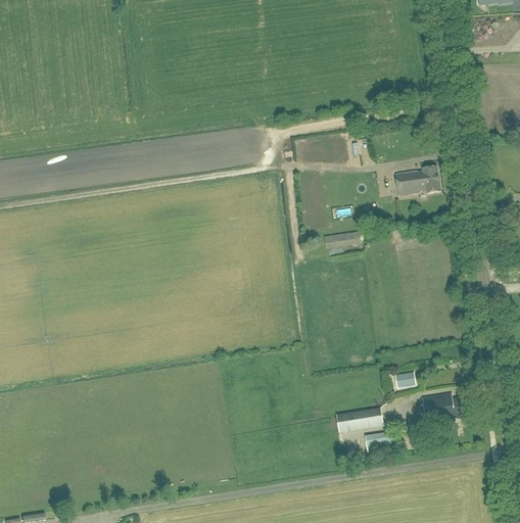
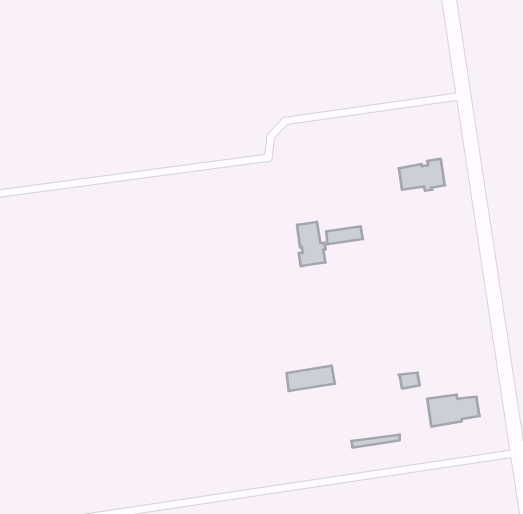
building: none -> [297,222,325,266]
building: [336,407,383,431] -> [287,366,335,391]

